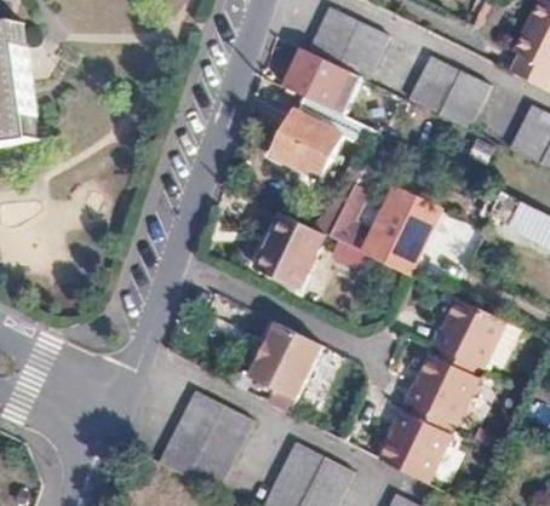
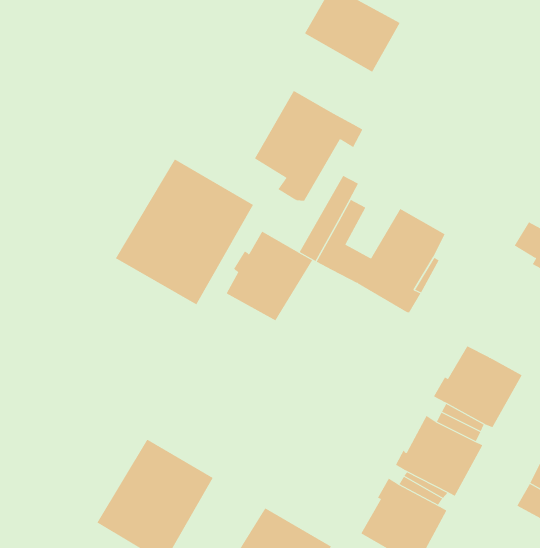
building: [283,50,354,113] -> none
building: [409,57,488,127] -> none
building: none -> [115,158,254,305]
building: [250,323,321,399] -> none

